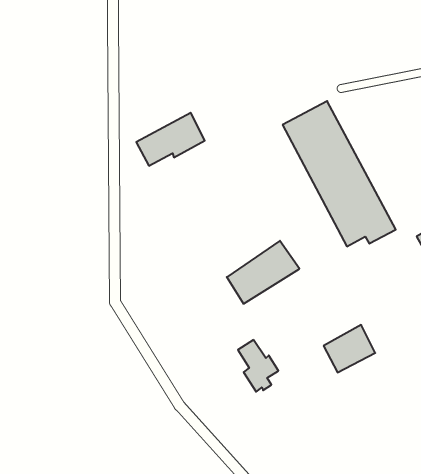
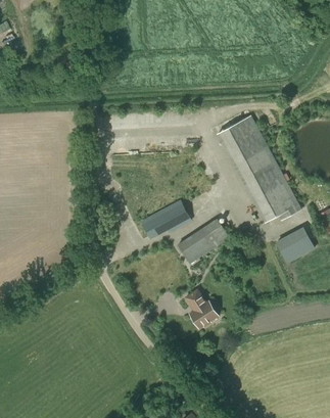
building: [136,113,205,166] -> [141,199,191,238]
building: [324,325,375,372] -> [277,228,315,263]

